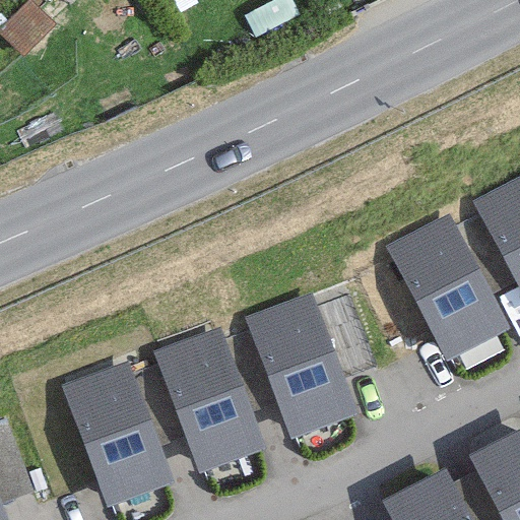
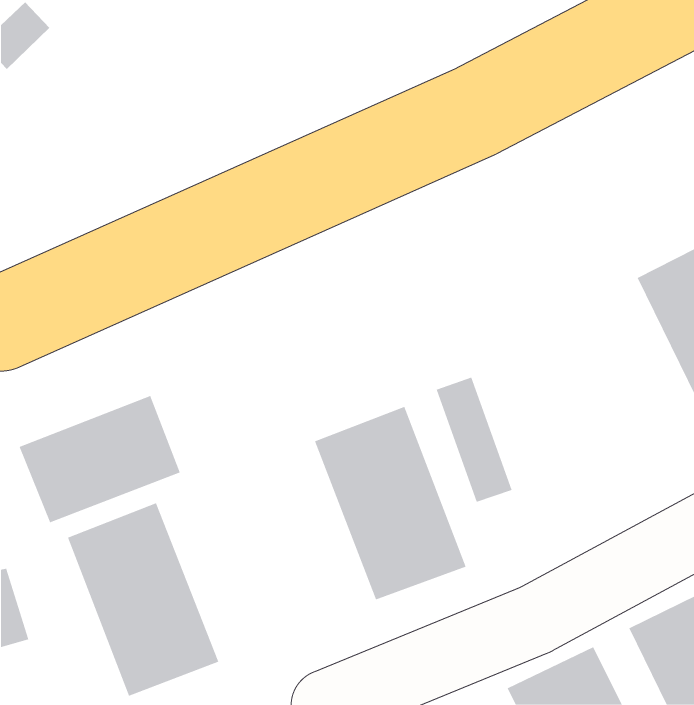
building: [389,214,508,358] -> none
building: none -> [19,395,181,523]
building: [154,330,265,471] -> none

